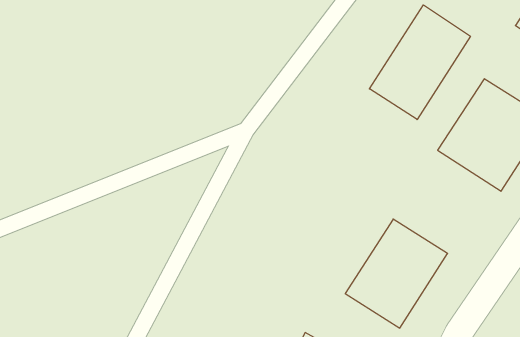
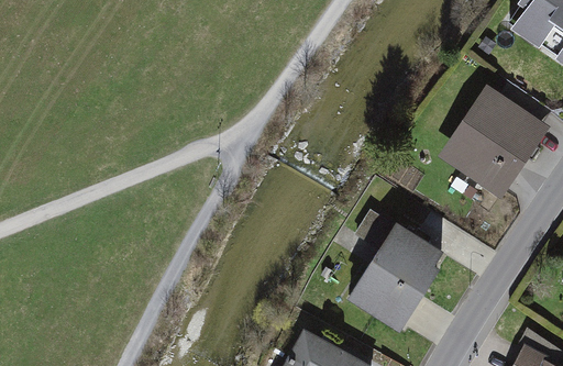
building: [369,5,470,120] -> none

